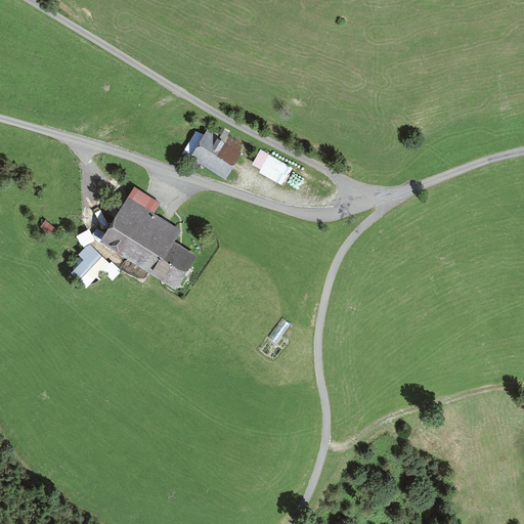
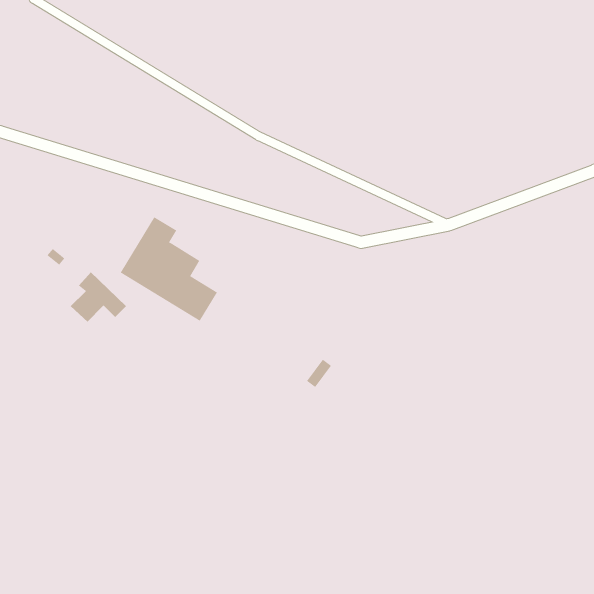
building: [183,130,234,178] -> none
building: [254,147,294,183] -> none

